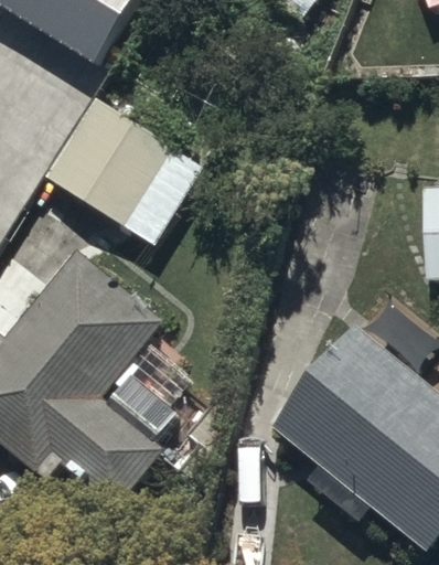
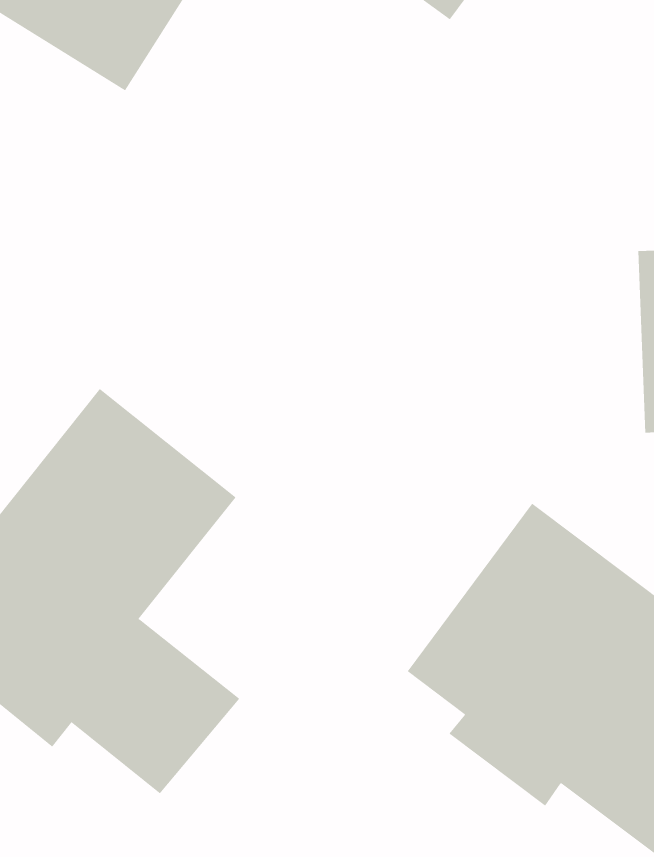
building: [39,90,175,227] -> none

